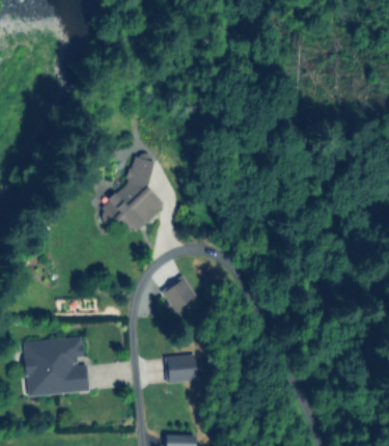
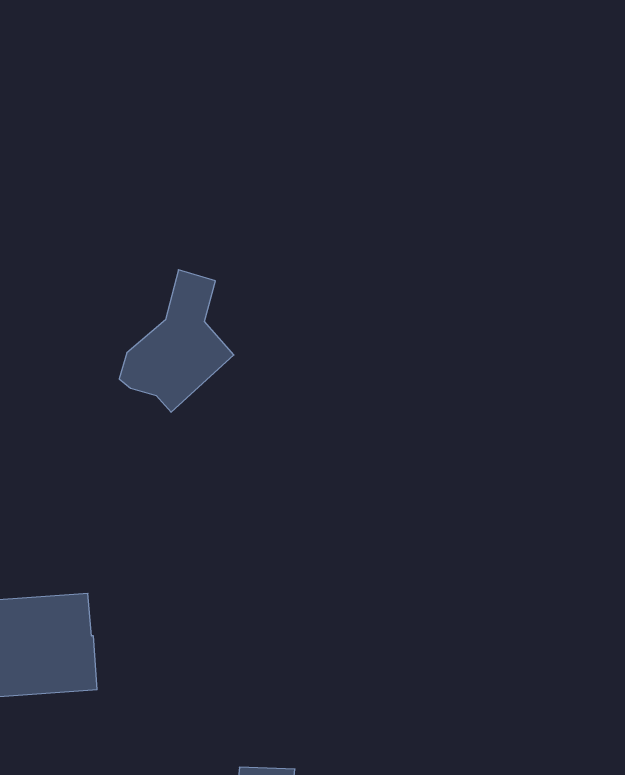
building: [162,277,198,313] -> none
building: [166,355,198,382] -> none

